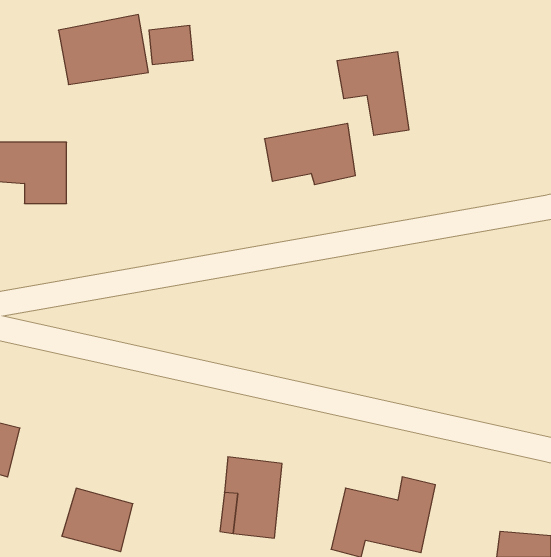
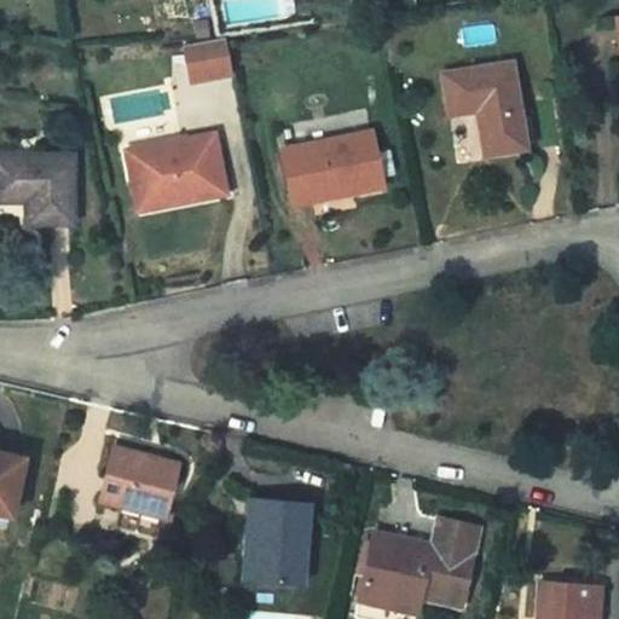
building: [58,15,148,85] -> [140,133,238,209]
building: [337,52,409,135] -> [449,66,527,157]
building: [62,488,133,552] -> [97,451,174,520]

